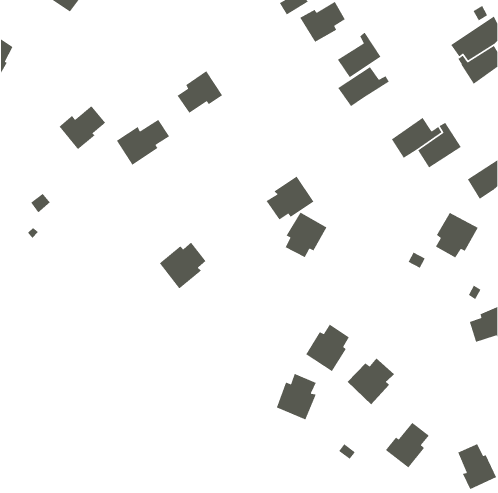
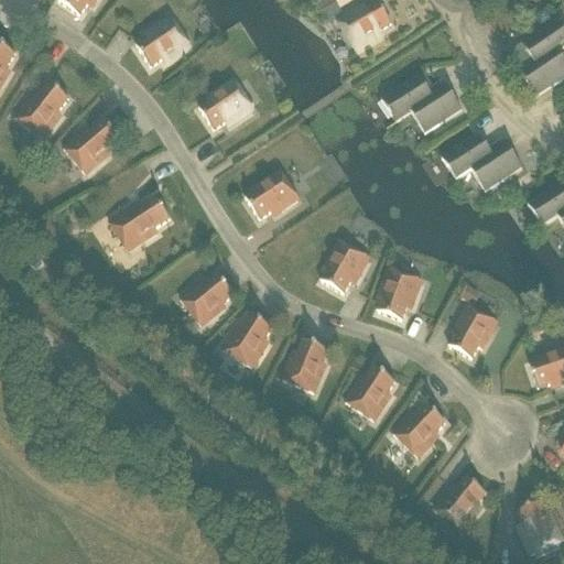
building: none -> [137,18,189,66]
building: [337,31,382,78] -> [411,79,462,132]
building: none -> [18,82,69,133]
building: [116,119,170,166] -> [108,197,170,250]
building: [266,176,314,220] -> [245,169,300,219]
building: [435,212,479,259] -> [449,304,499,357]
building: none -> [378,267,423,318]
building: none -> [221,313,273,368]
building: [276,373,317,420] -> [282,339,328,393]

